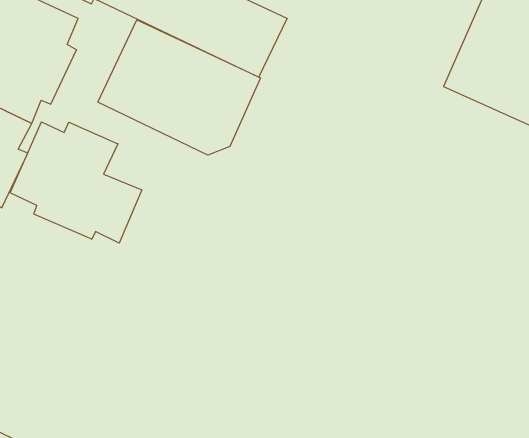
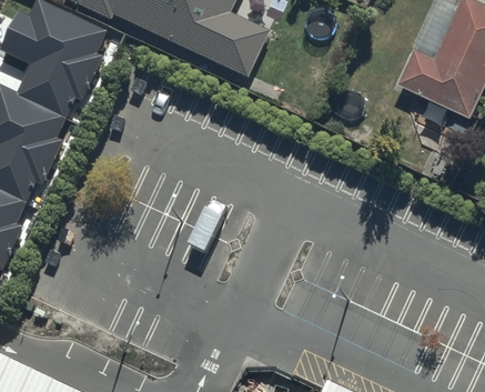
building: [98,20,260,155] -> none
building: [10,122,142,243] -> none

